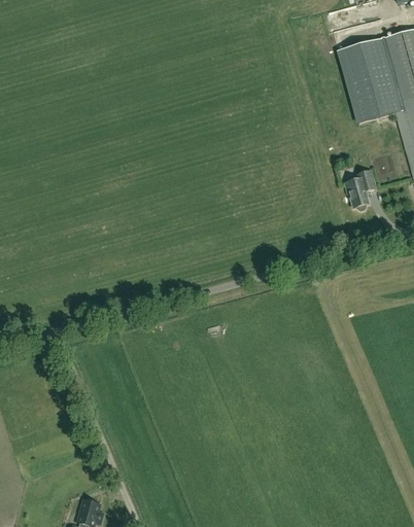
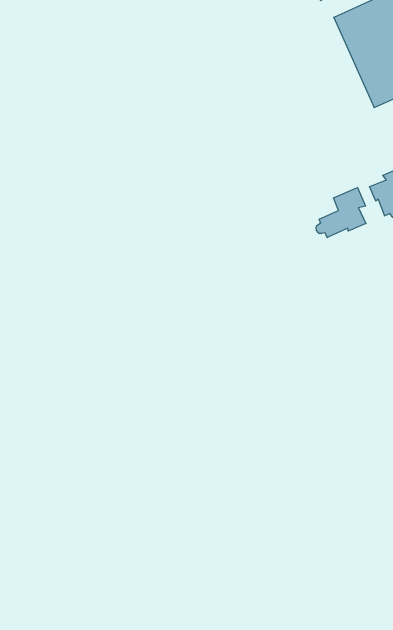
building: none -> [316,188,366,238]

